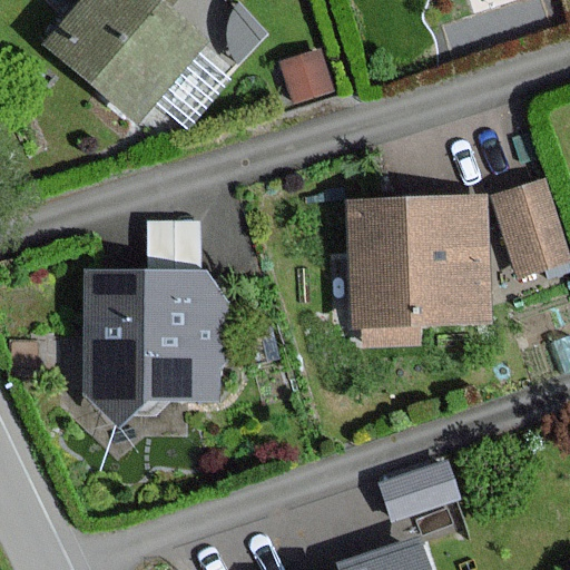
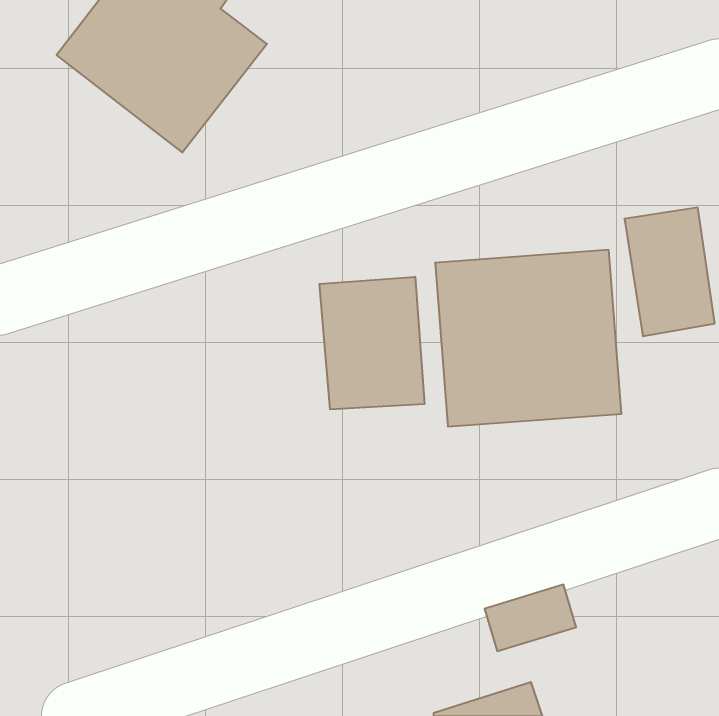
building: none -> [319,277,424,409]
building: [85,273,226,434] -> none

